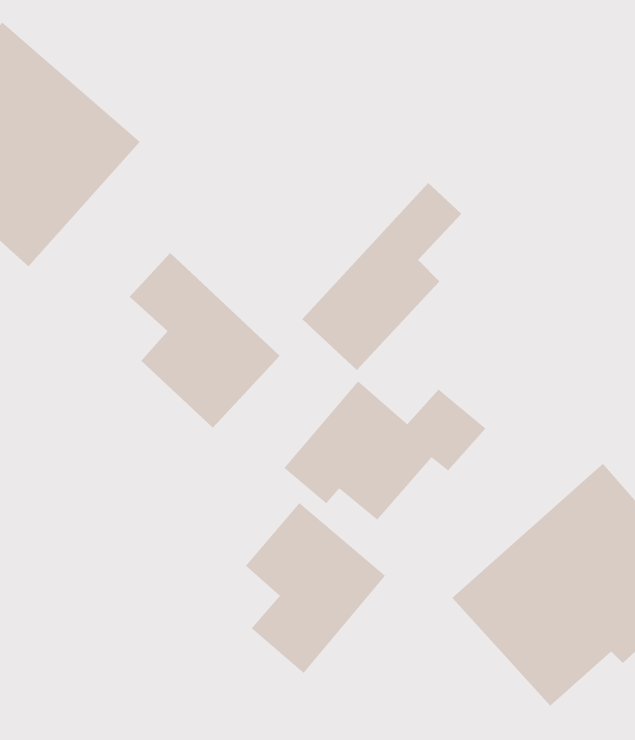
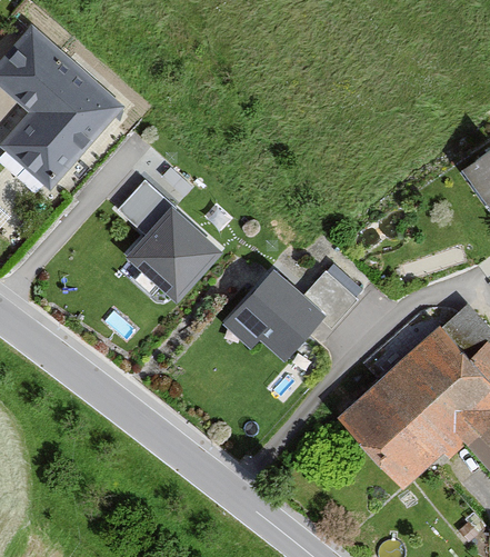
building: [301,182,462,371] -> none
building: [245,502,386,674] -> none

